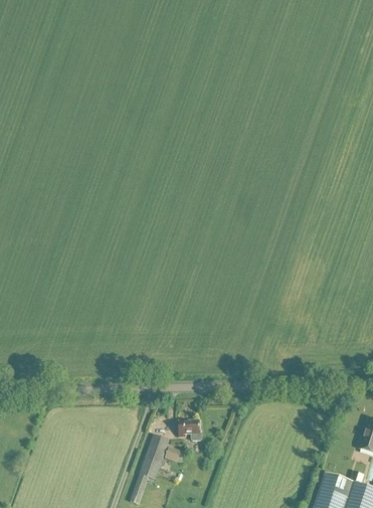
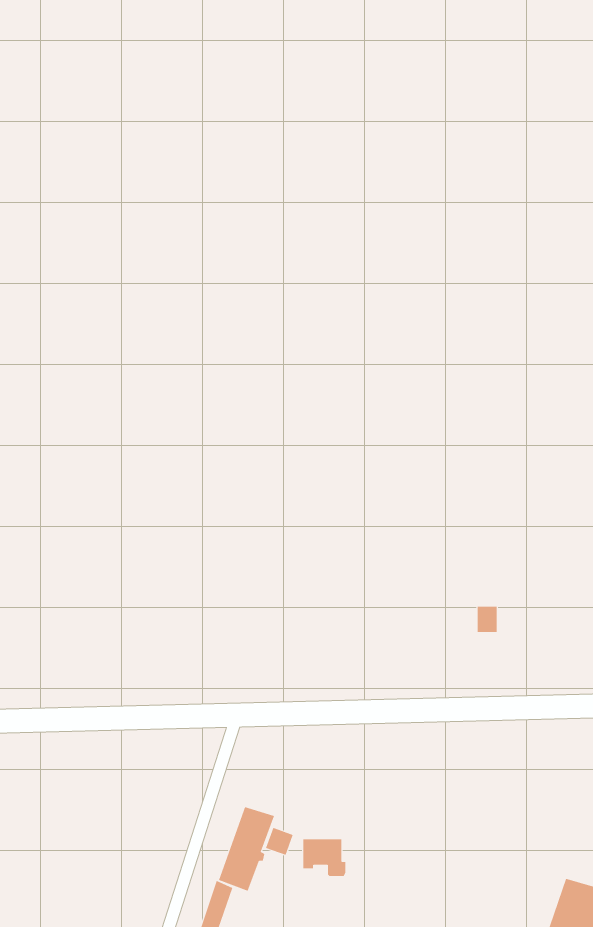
building: [179,420,202,441] -> [303,839,346,877]

